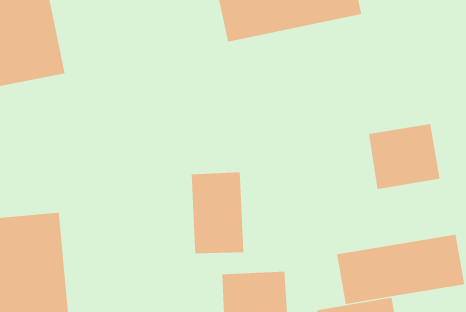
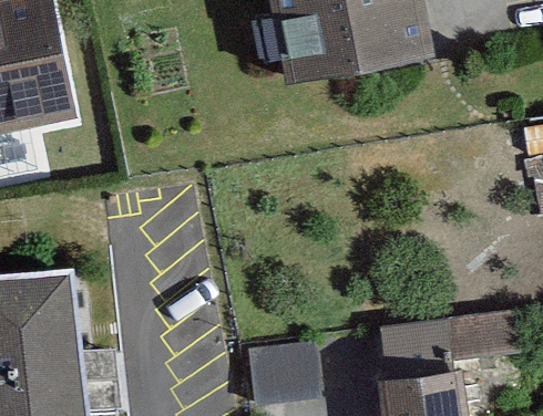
building: [368,123,440,190] -> none
building: [191,171,244,254] -> none

